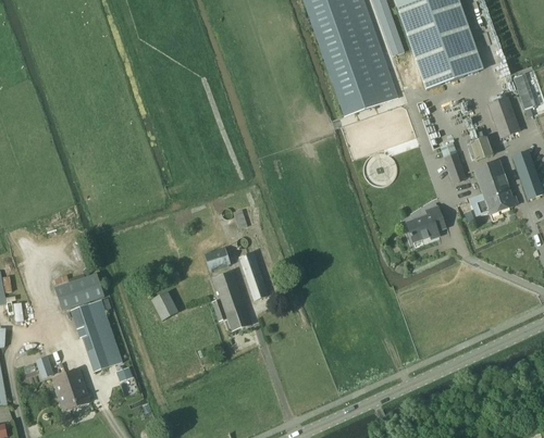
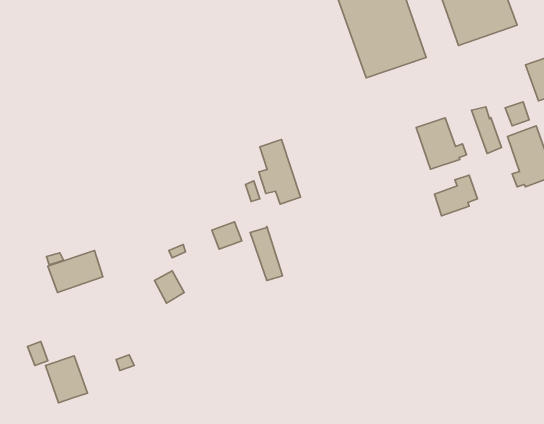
building: none -> [416,118,466,169]
building: [212,272,250,330] -> [259,140,301,204]
building: [70,300,122,372] -> none

